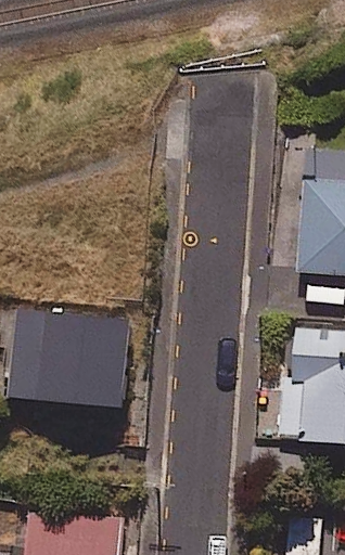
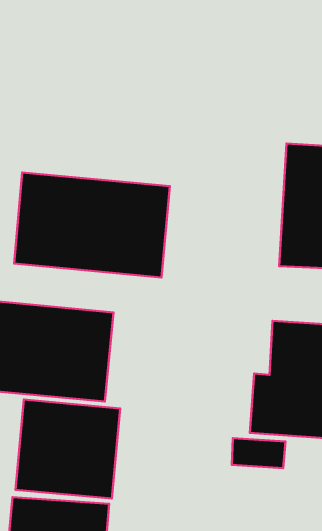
building: none -> [14,172,170,277]
building: none -> [15,400,120,499]

